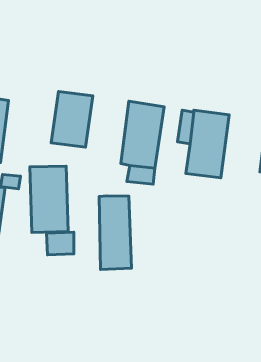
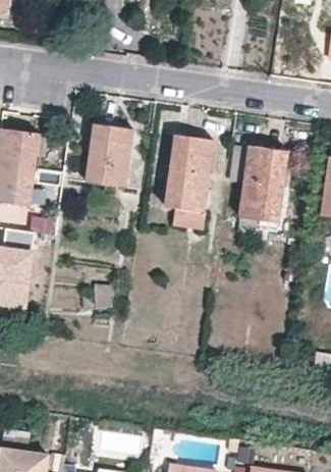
building: [30,166,68,232] -> none
building: [99,196,131,270] -> none

